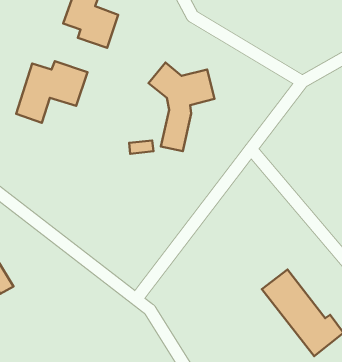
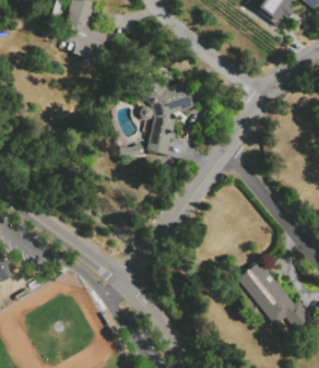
building: [16,61,87,123] -> none

